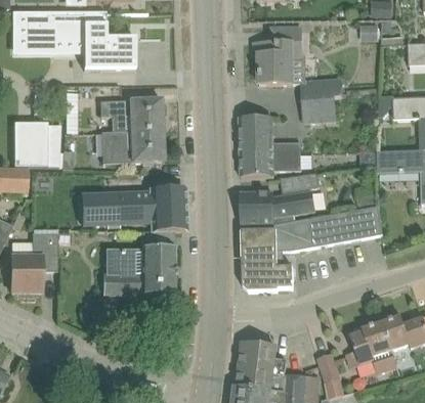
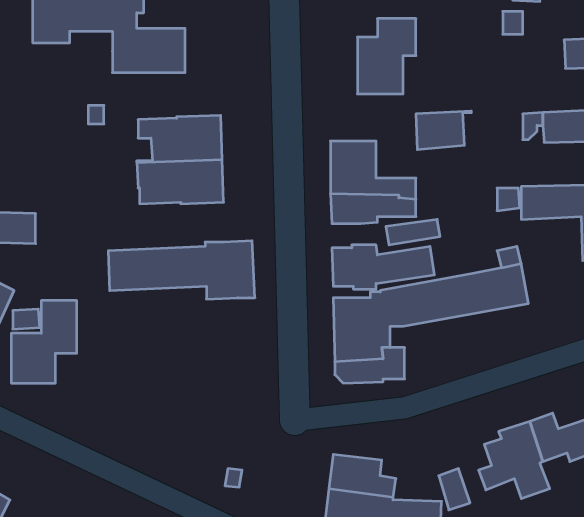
building: [300,80,341,98] -> none
building: [17,123,63,168] -> none
building: [103,230,174,294] -> none

